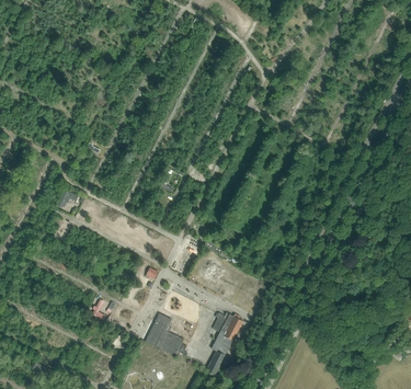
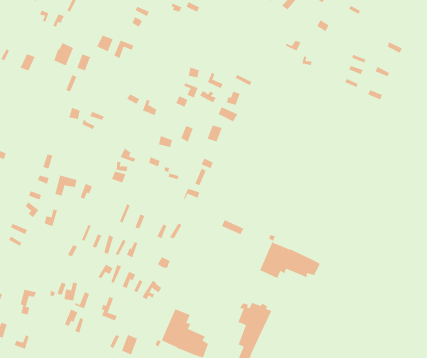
building: none -> [260,234,321,279]

